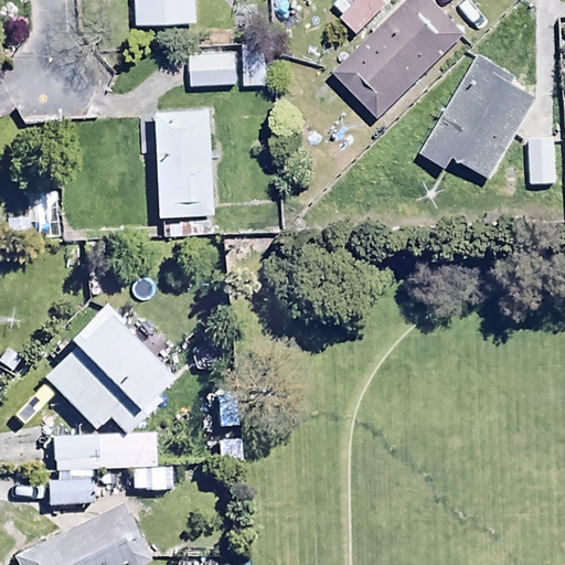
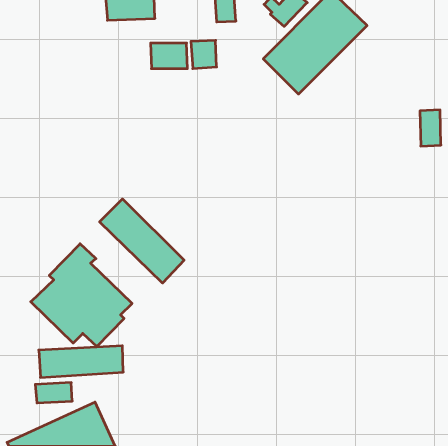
building: [419,55,537,179] -> none
building: [152,108,218,220] -> none
building: none -> [100,199,184,283]

